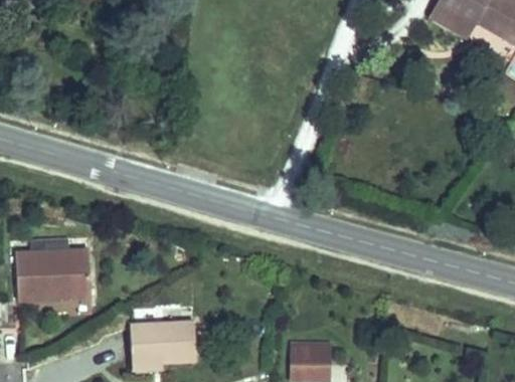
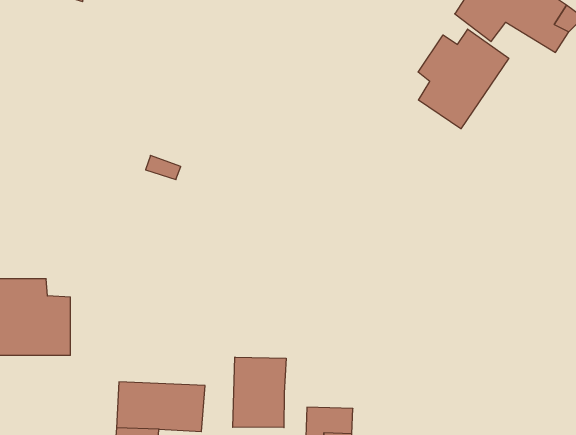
building: none -> [418,29,509,129]
building: none -> [233,357,286,428]

